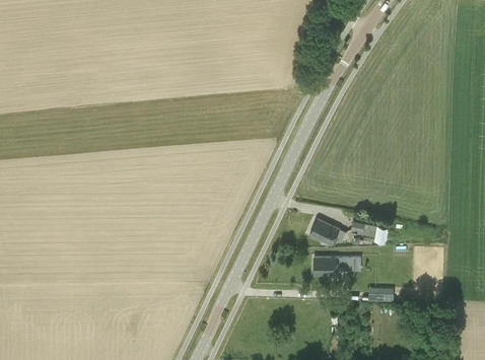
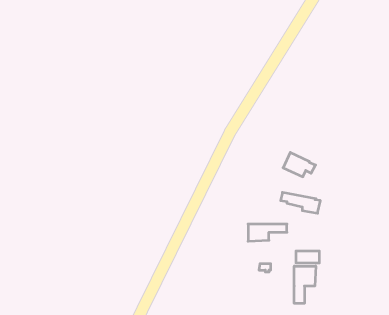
building: [308,218,345,245] -> [283,152,316,177]
building: none -> [294,266,316,303]

